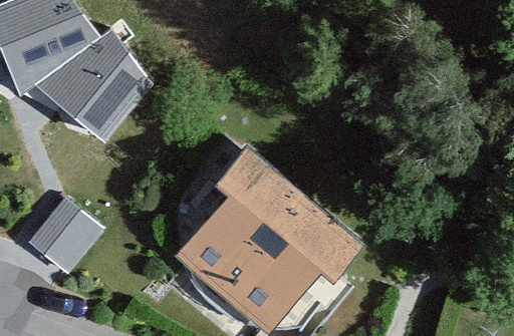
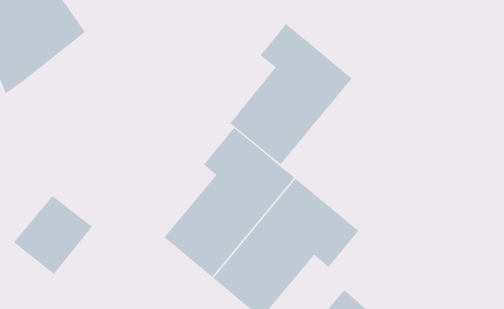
building: none -> [230,23,352,165]
building: [34,39,153,154] -> none

